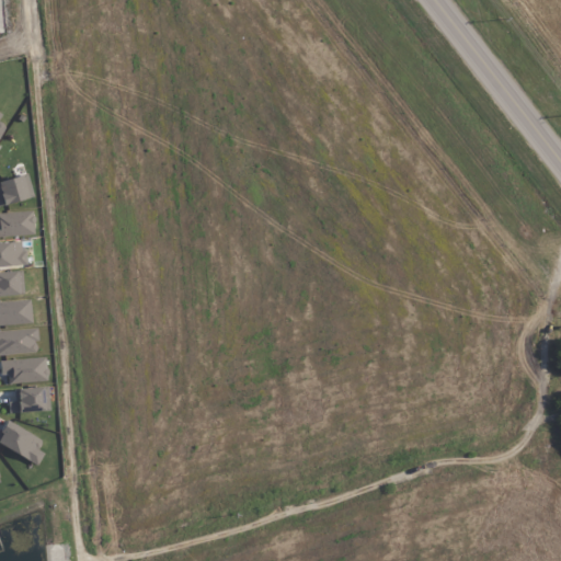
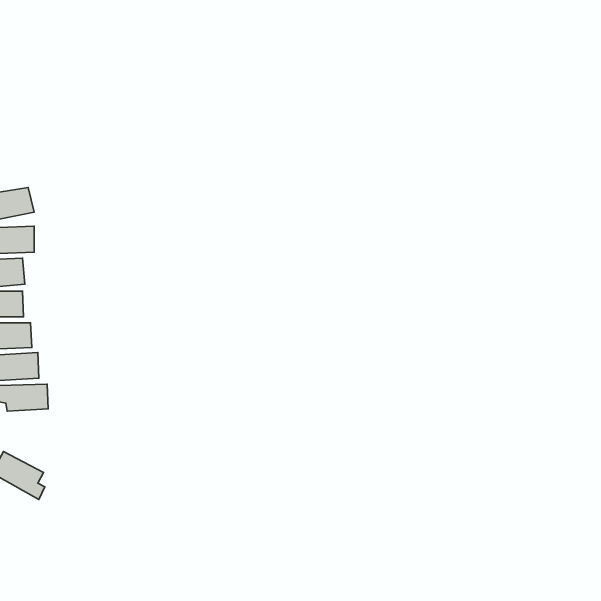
building: [7,387,47,412] -> none

